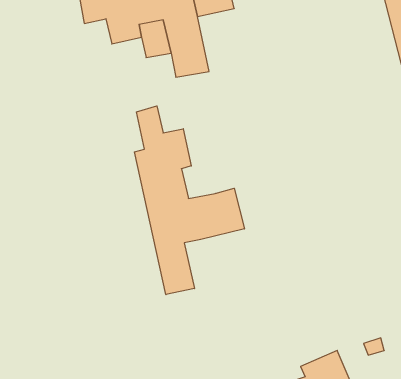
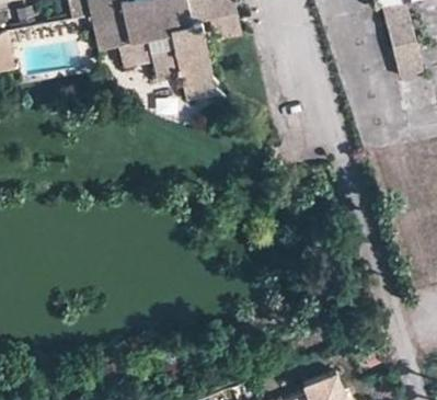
building: [135,106,244,295] -> none

